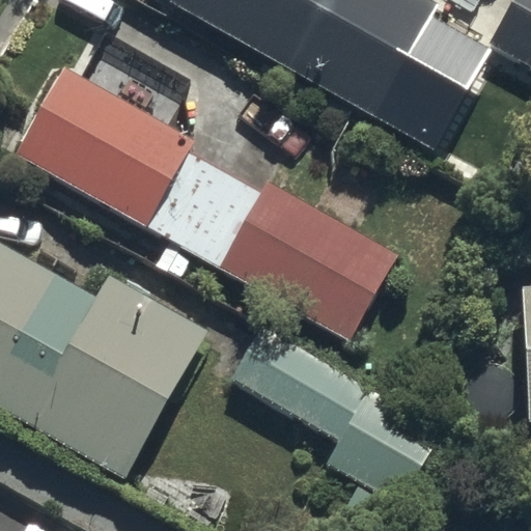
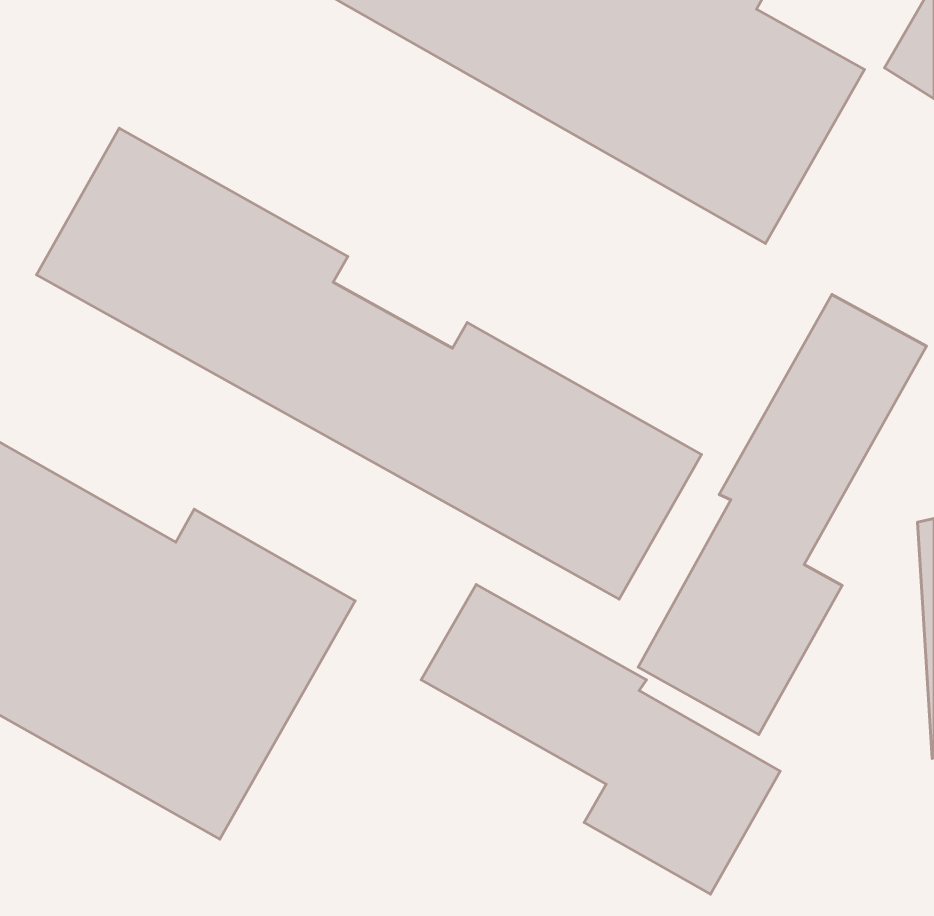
building: none -> [638,295,926,734]

